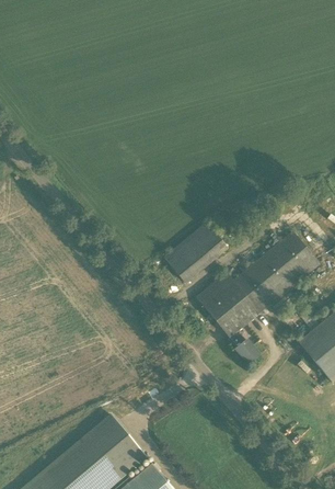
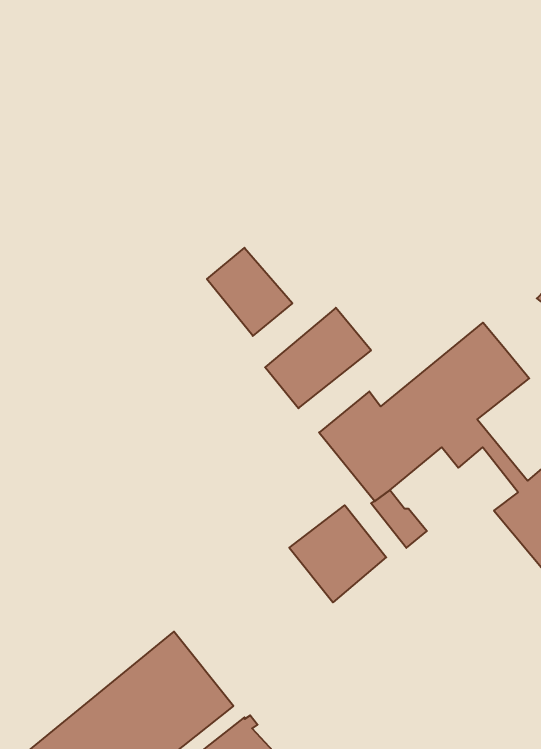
building: none -> [207,248,292,336]
building: none -> [289,505,386,602]

